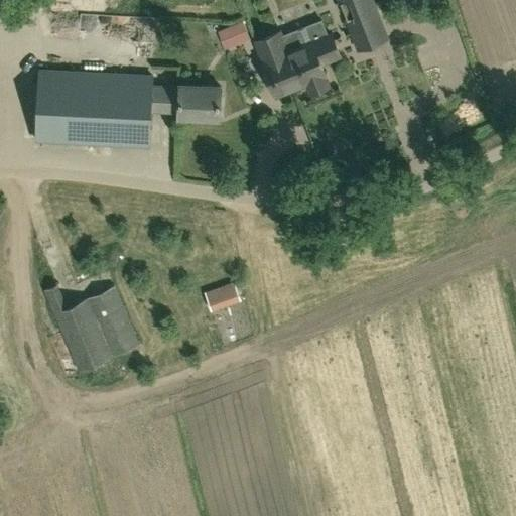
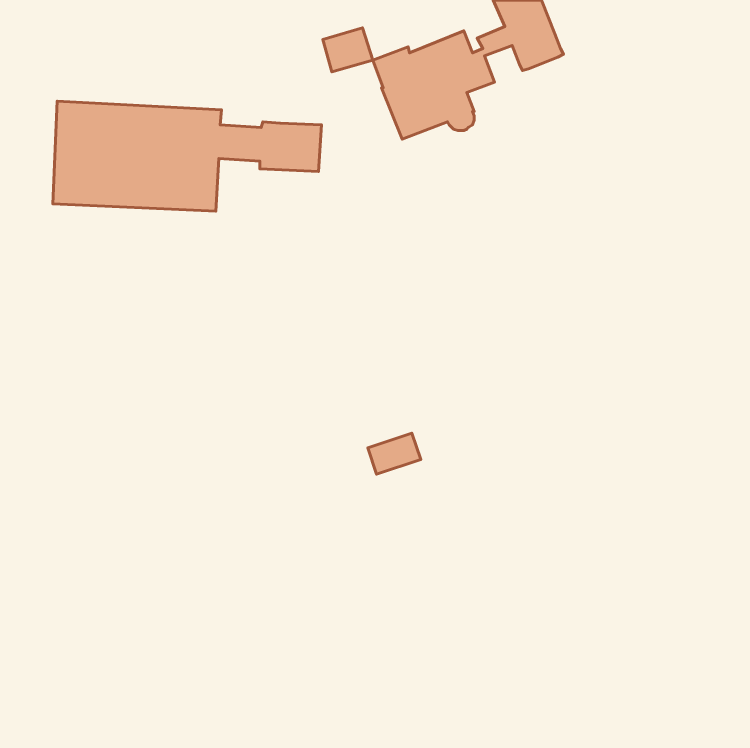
building: [204,282,240,310] -> [368,433,421,474]
building: [43,283,139,372] -> none

